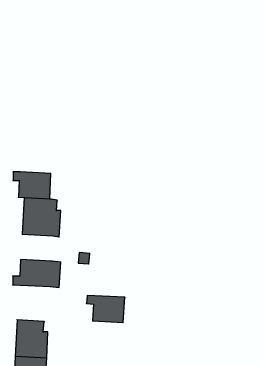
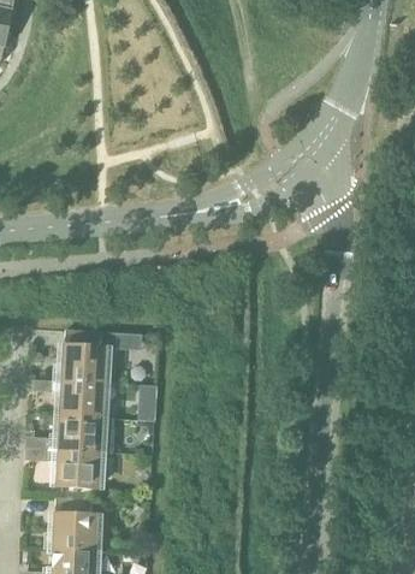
building: [13,172,51,199] -> [53,381,105,419]
building: [86,296,125,323] -> [48,451,101,489]

